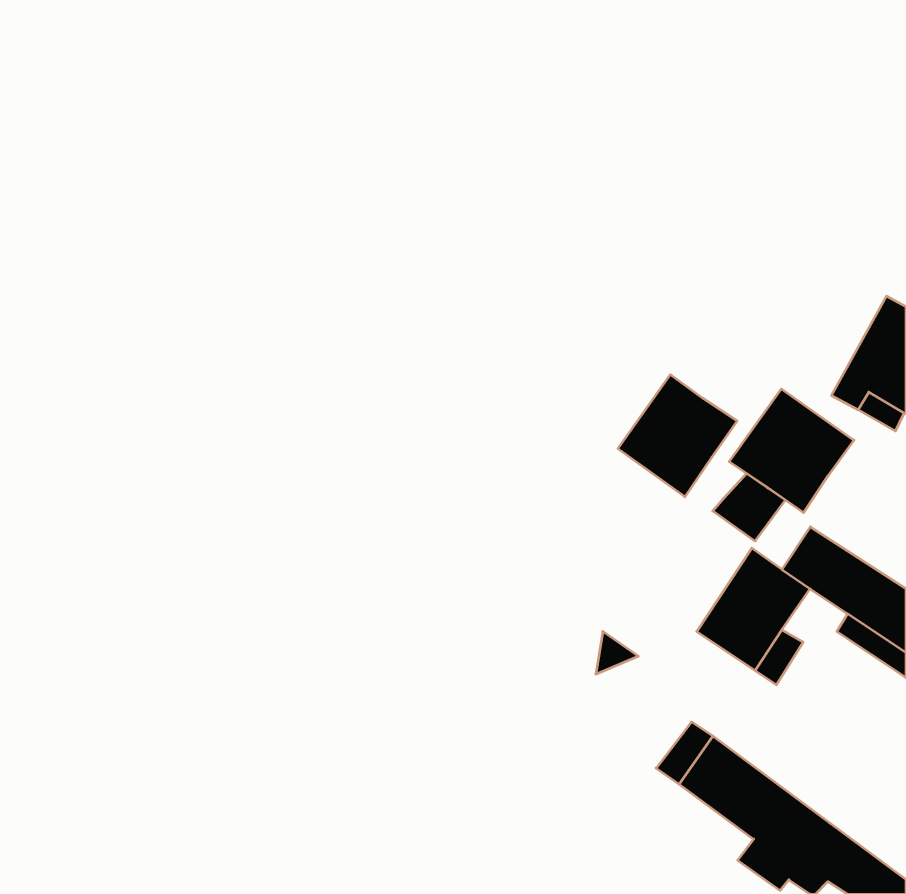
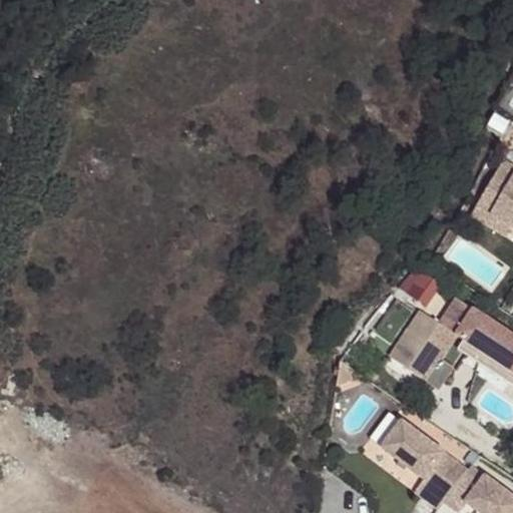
building: [618,375,737,497] -> none
building: [729,389,854,513] -> none

